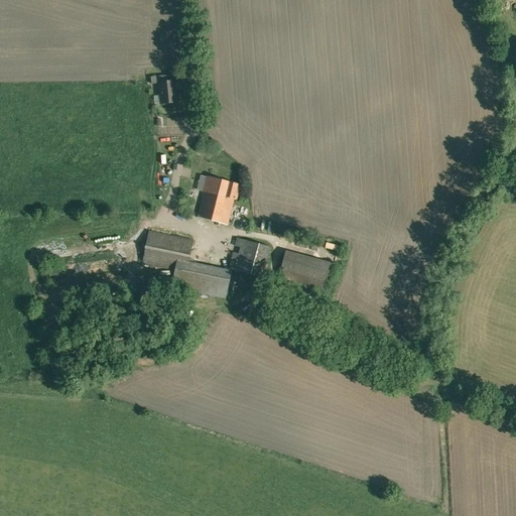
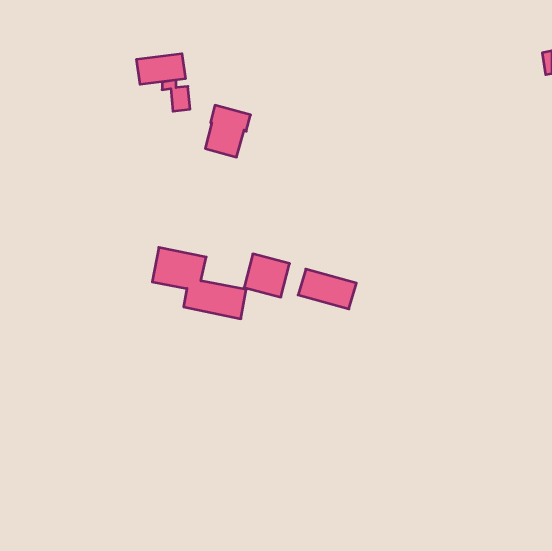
building: none -> [137,54,185,84]
building: [198,175,240,224] -> [205,105,251,157]

